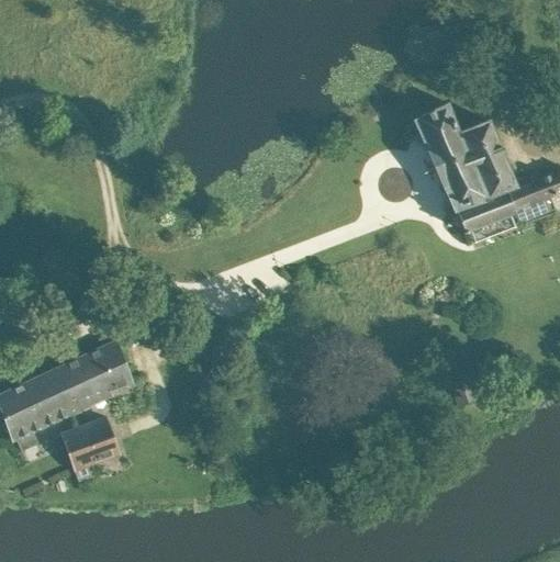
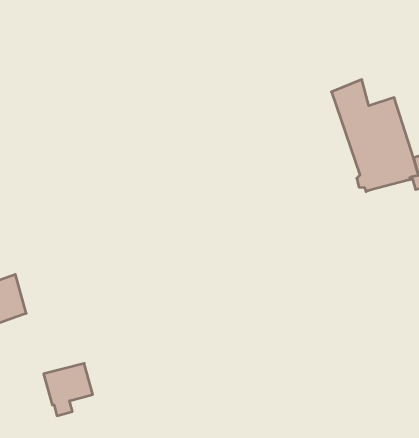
building: [66,341,131,408] -> none
building: [60,418,120,482] -> [44,363,93,416]

